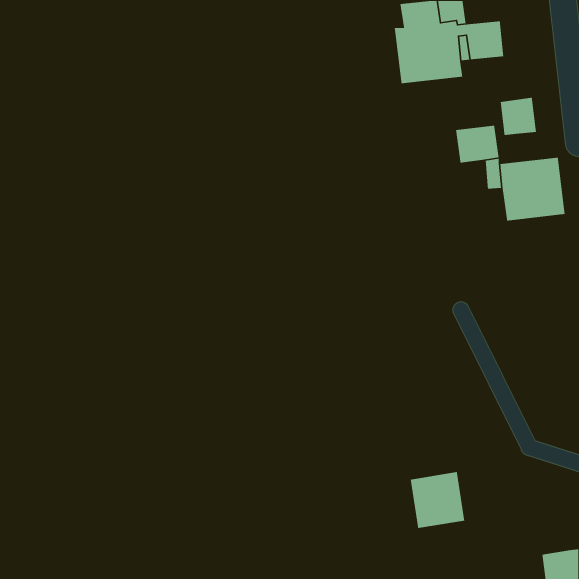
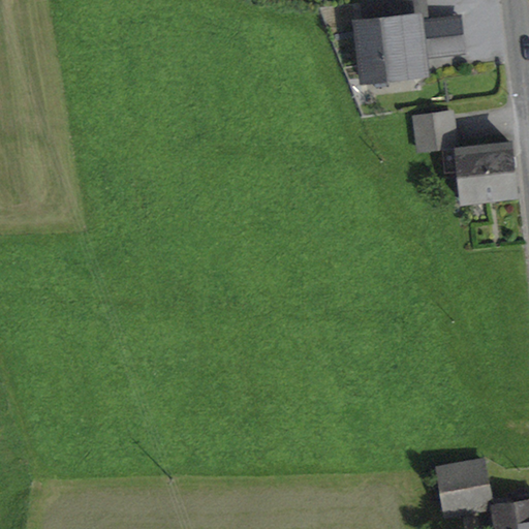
building: [500,97,537,136] -> none
building: [410,471,465,529] -> [440,462,491,515]

